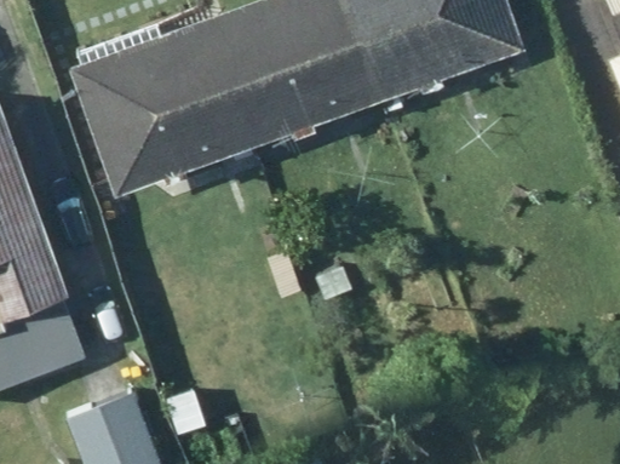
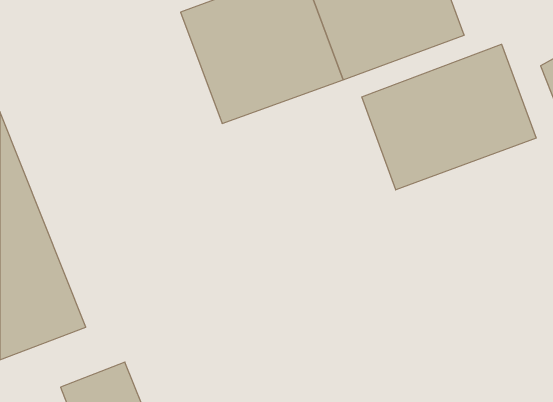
building: [70,22,249,195] -> none
building: none -> [362,44,536,190]

